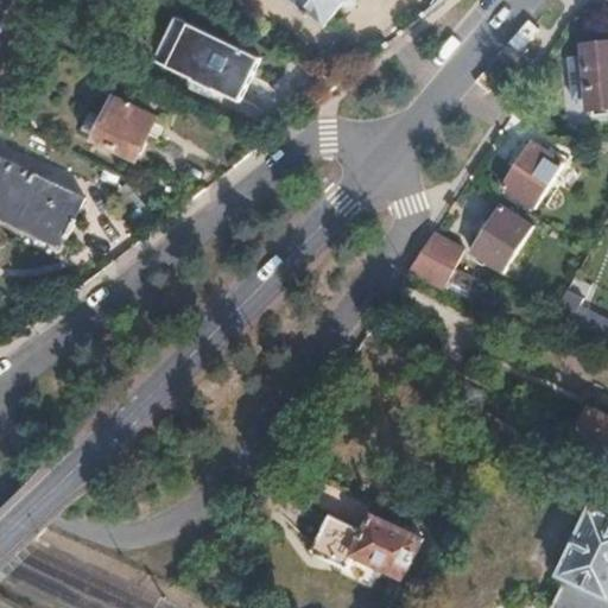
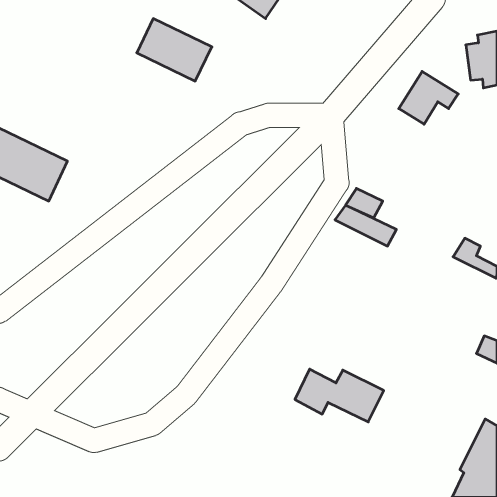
building: [78,96,151,156] -> none
building: [504,141,576,205] -> [399,71,458,124]
building: [473,205,533,271] -> none
building: [312,513,420,577] -> [295,369,384,422]

